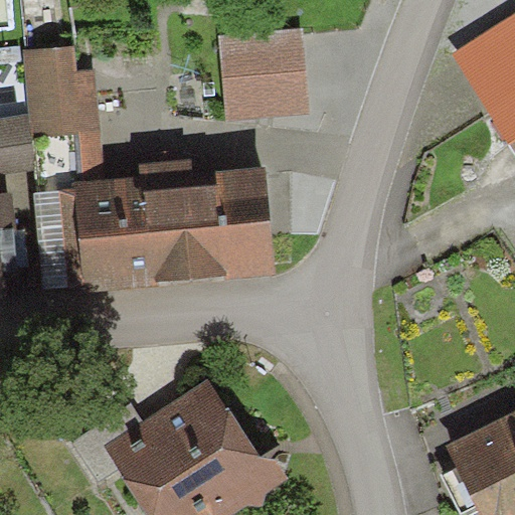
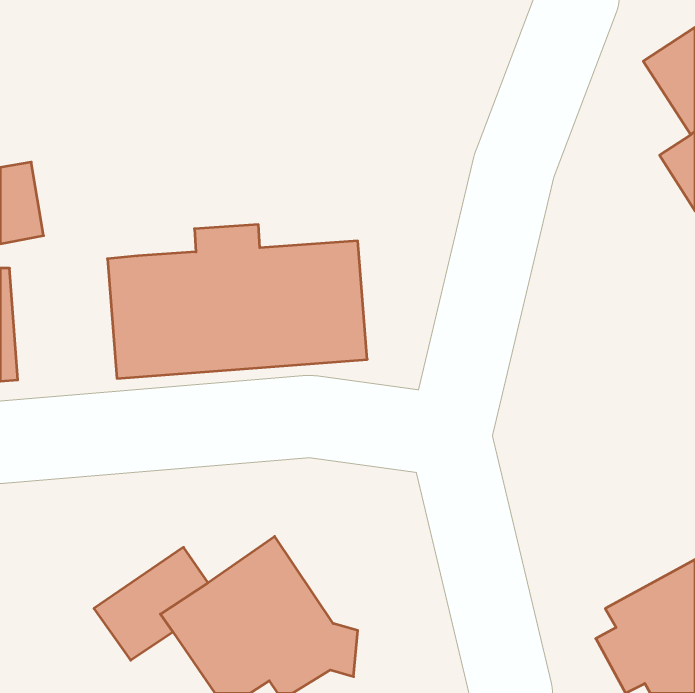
building: [229,35,303,114] -> none
building: [27,51,102,284] -> none

